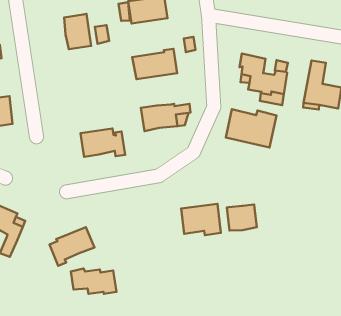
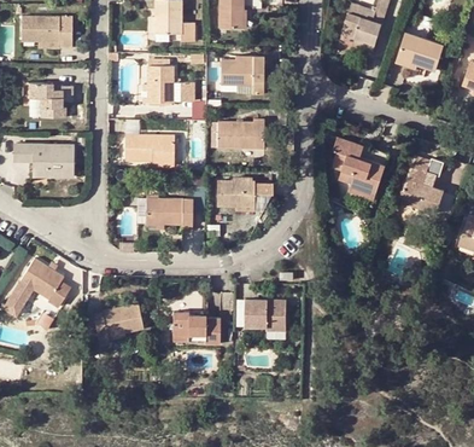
building: none -> [125,135,174,166]
building: [226,109,277,147] -> none
building: [227,204,257,230] -> none
building: [71,269,116,294] -> [172,312,220,343]

